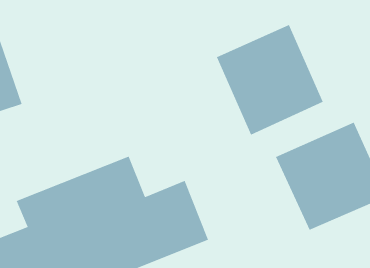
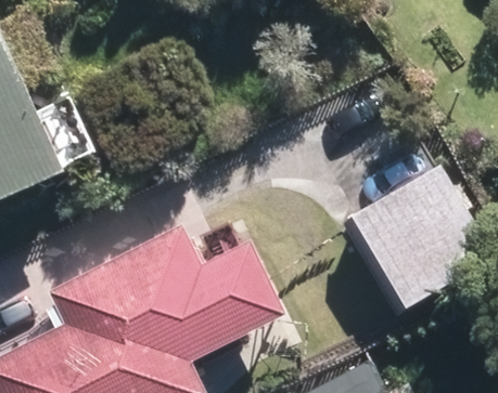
building: [216,24,323,135] -> none

